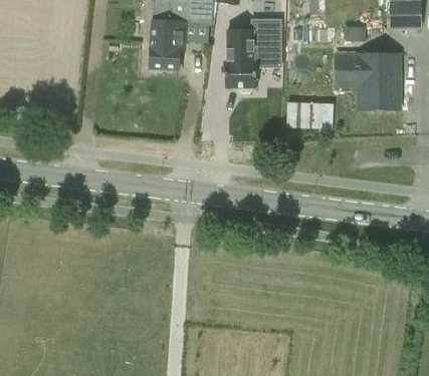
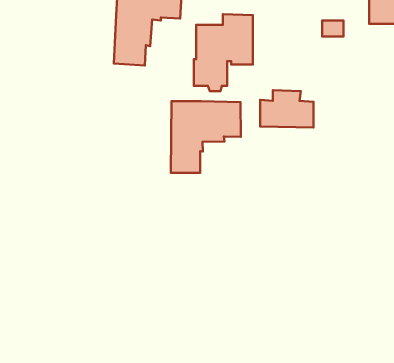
building: [344,56,398,108] -> none
building: none -> [171,101,241,173]

